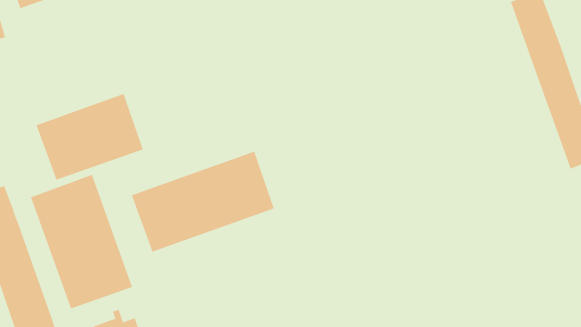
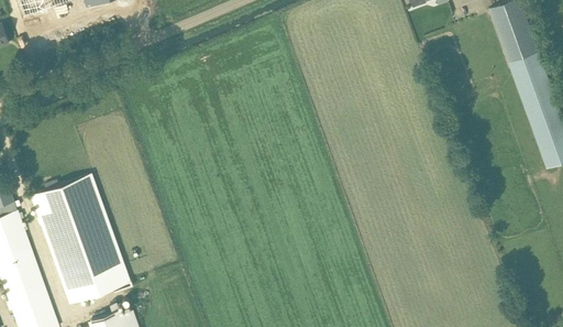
building: [36,93,143,181] -> none
building: [131,151,274,252] -> none

